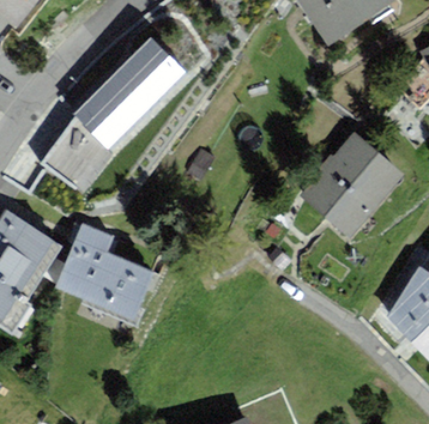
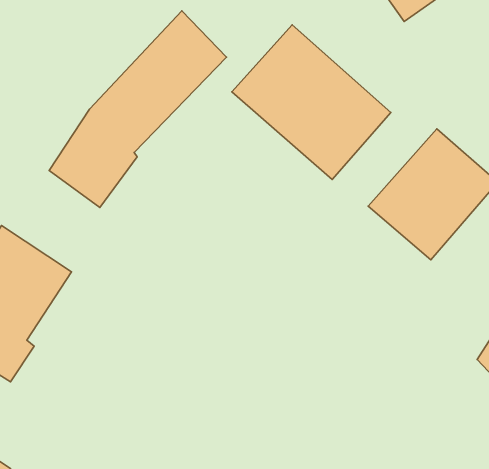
building: none -> [232,25,391,179]
building: [56,223,156,321] -> none

